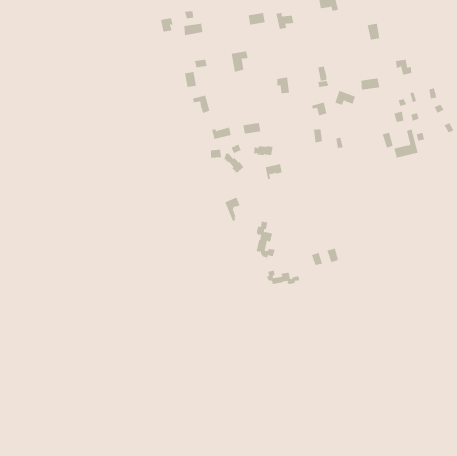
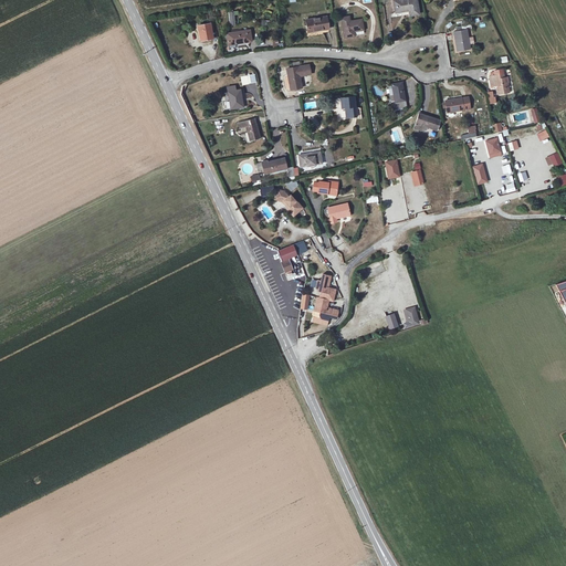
building: [266,270,300,285] -> none

